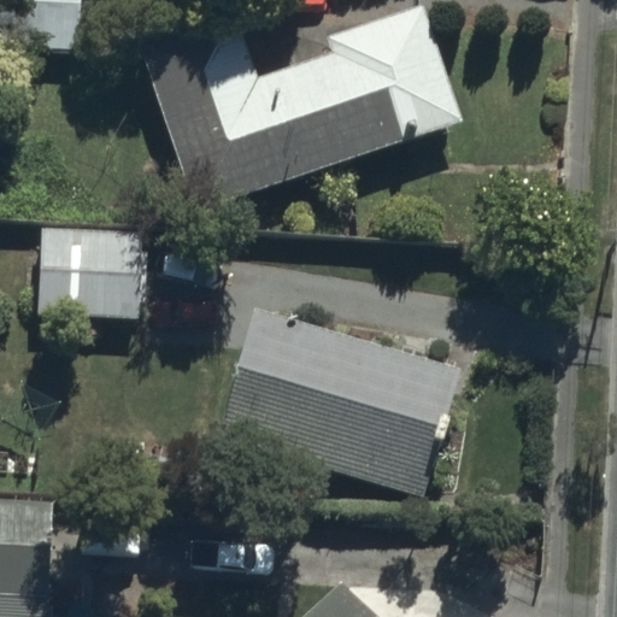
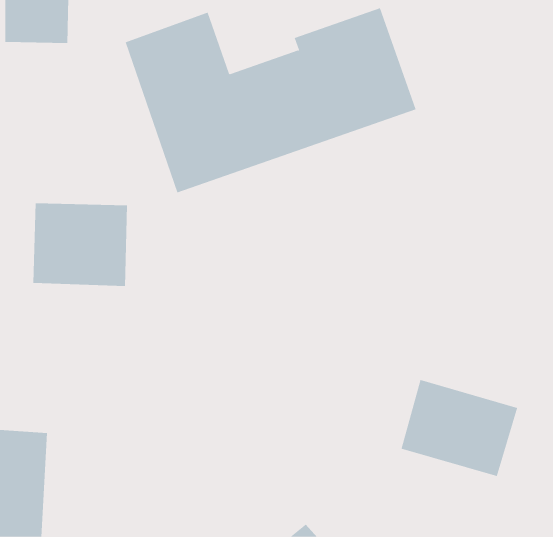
building: [217,313,459,496] -> none
building: none -> [401,379,518,477]

